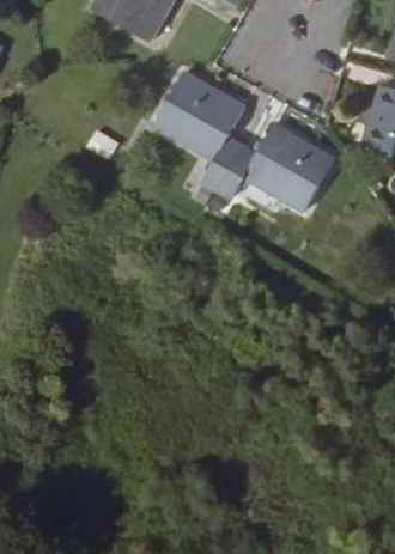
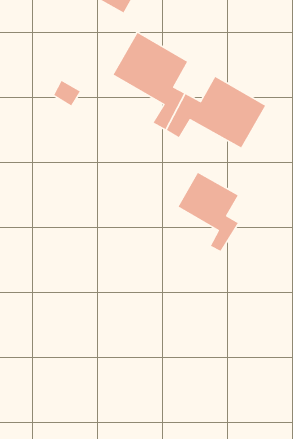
building: none -> [177,172,239,252]

